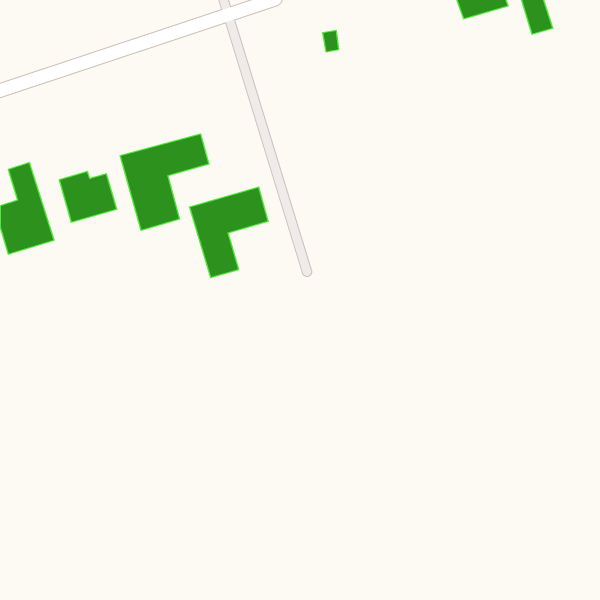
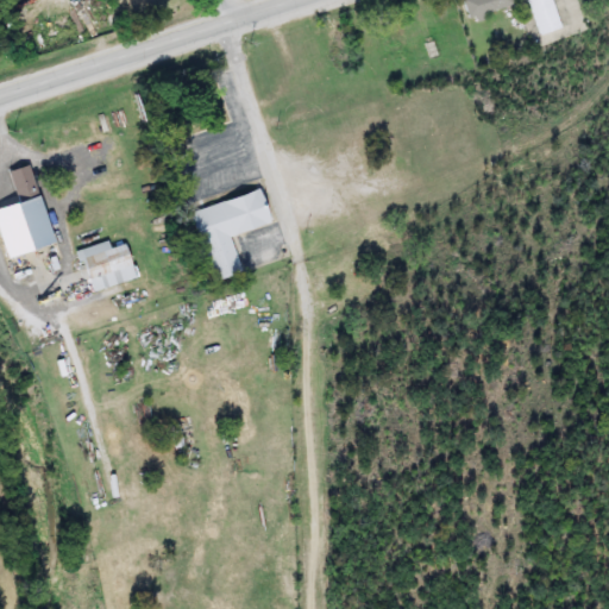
building: [120,134,209,230] -> none
building: [59,172,117,222] -> [80,240,138,291]

